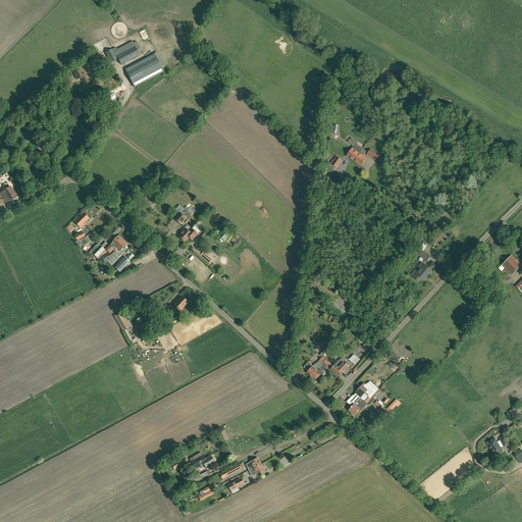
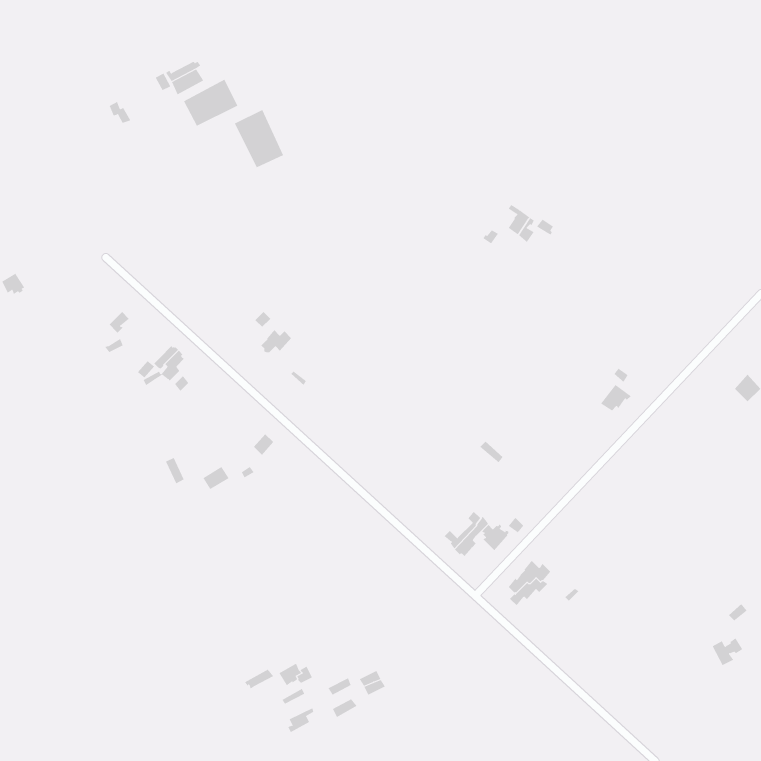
building: none -> [234,109,284,168]

